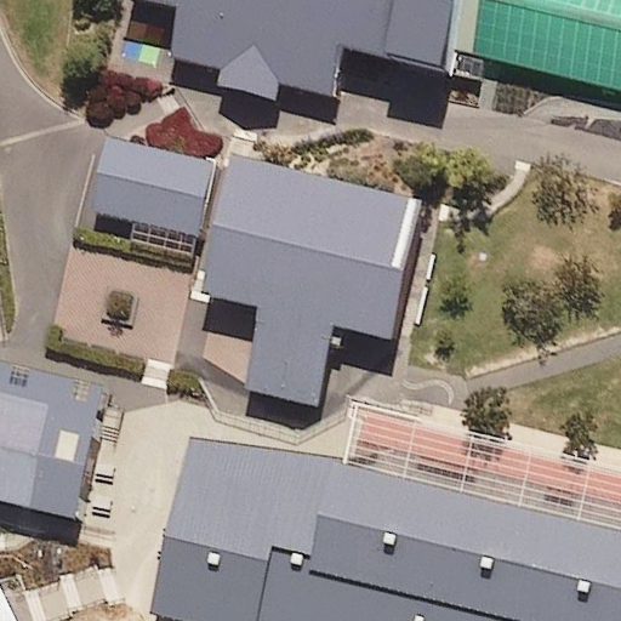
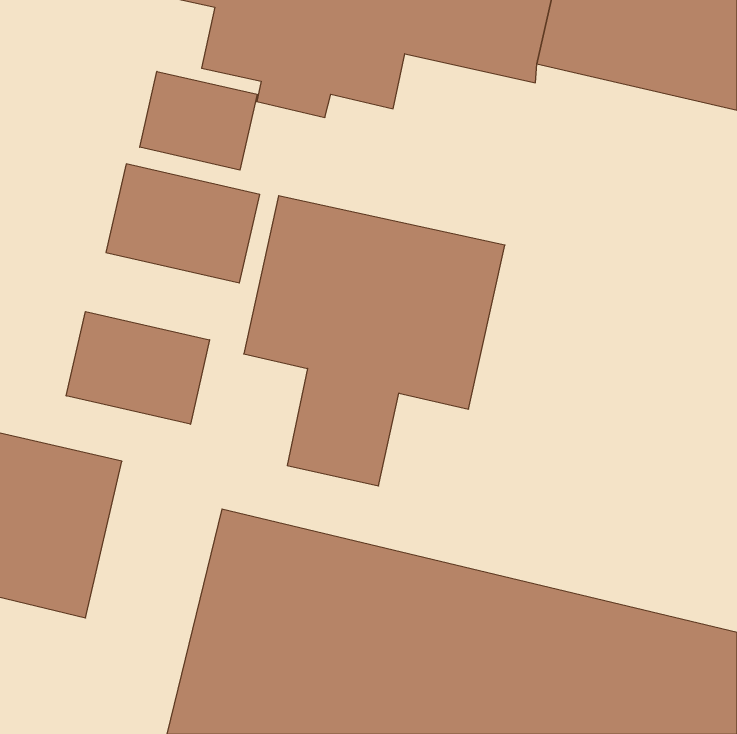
building: none -> [140,71,257,170]
building: none -> [66,312,210,424]

